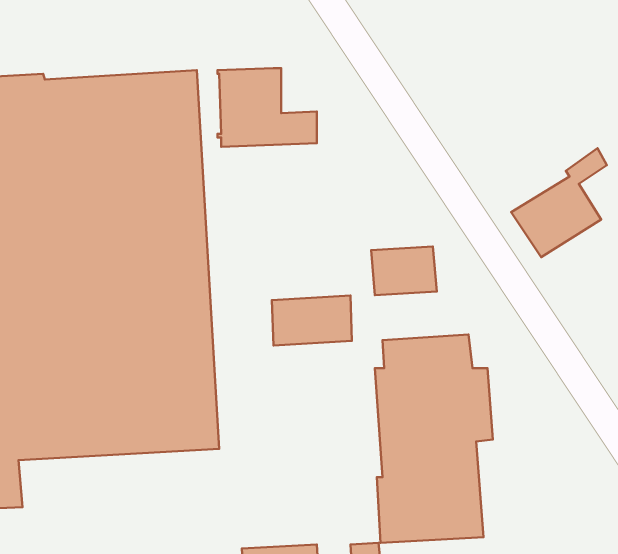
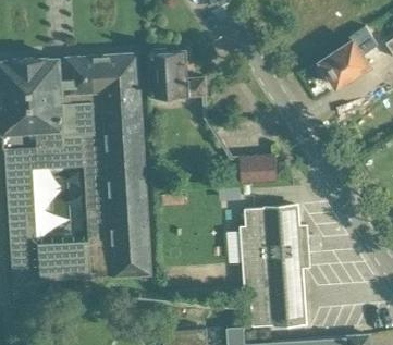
building: [511,148,607,257] -> [319,25,374,88]
building: [272,296,352,346] -> none

